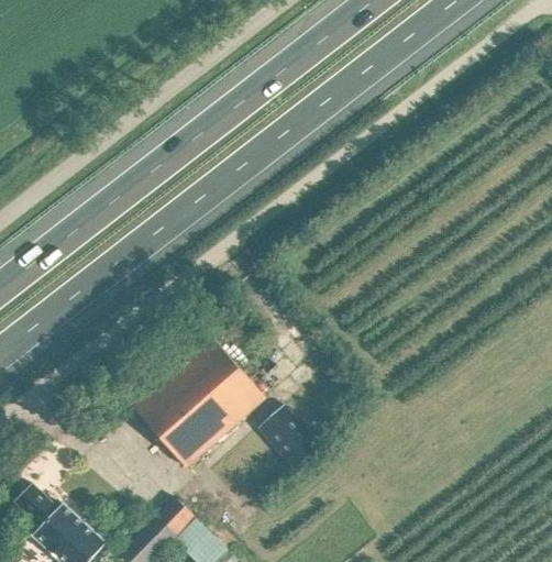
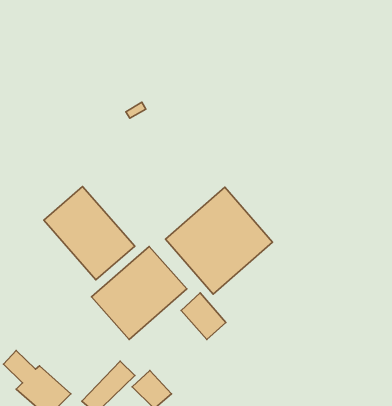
building: none -> [44,187,135,280]
building: none -> [165,187,272,294]

